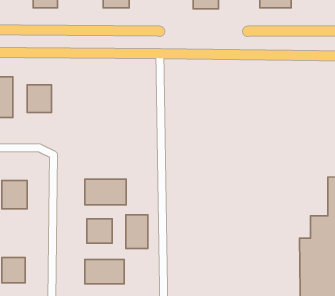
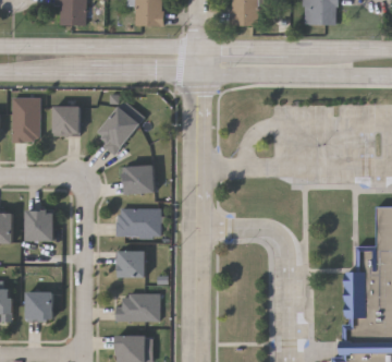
building: none -> [98,107,140,155]
building: none -> [124,166,155,193]
building: [126,215,148,248] -> none

